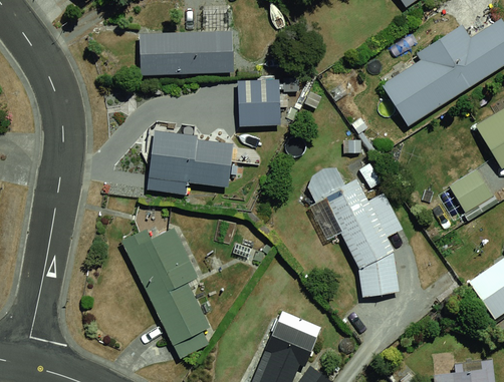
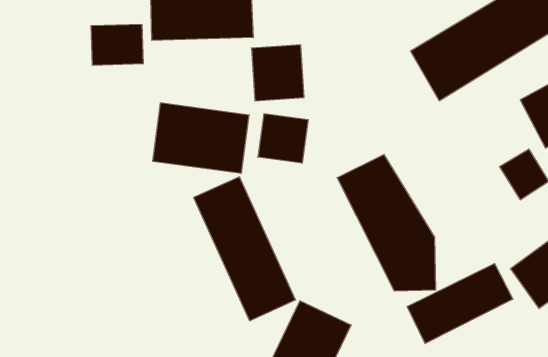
building: none -> [91,24,143,65]
building: none -> [258,114,308,163]
building: [129,226,222,357] -> [194,177,296,321]
building: none -> [407,264,513,344]

